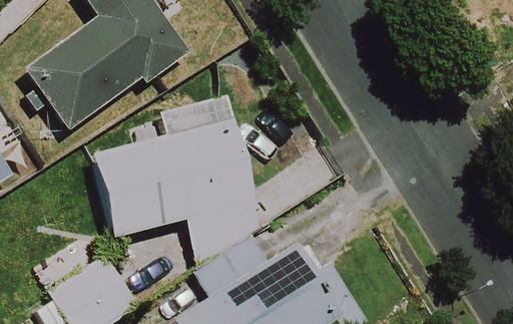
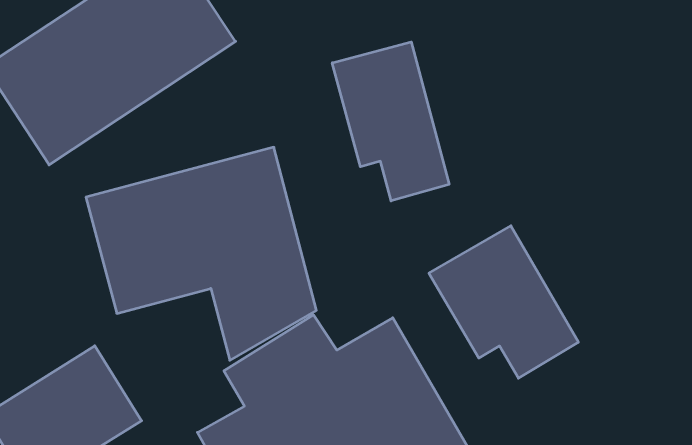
building: none -> [332,42,449,201]
building: none -> [429,226,578,378]

